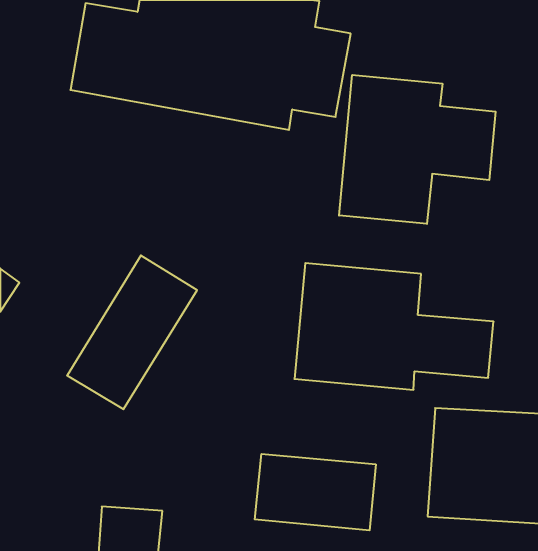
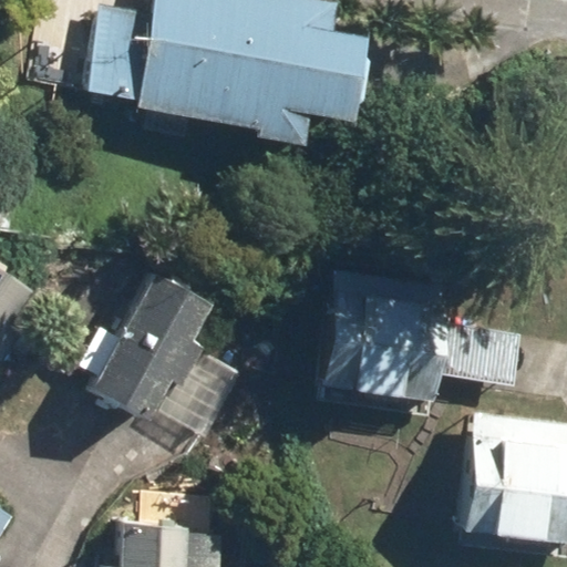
building: [339,75,496,224] -> none
building: [255,454,376,530] -> none

